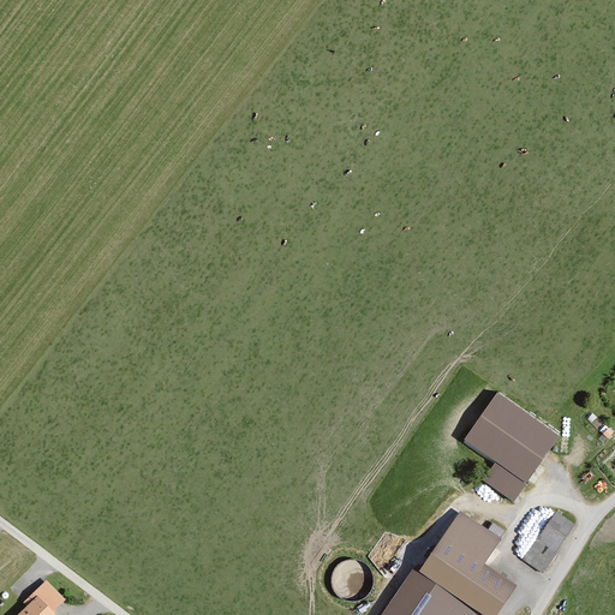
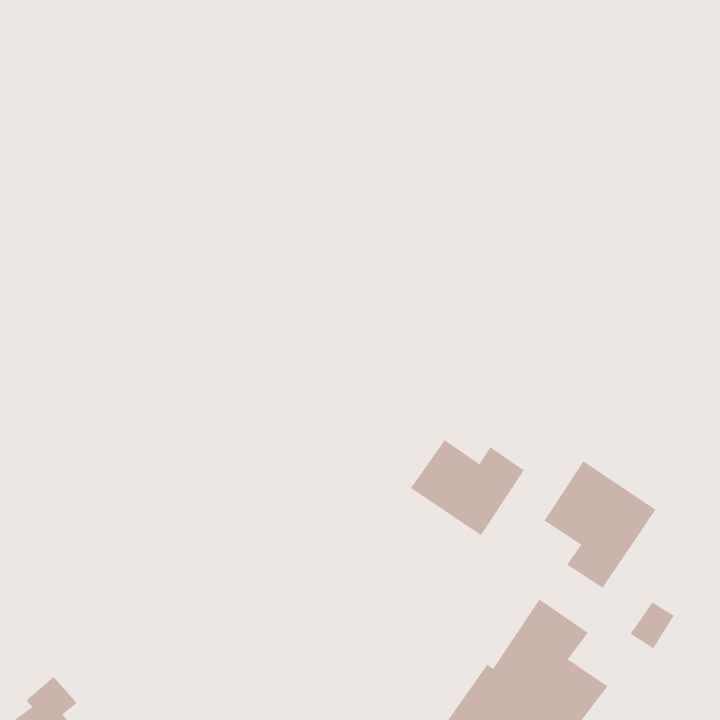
building: none -> [410,439,525,536]
building: [333,562,360,595] -> none

